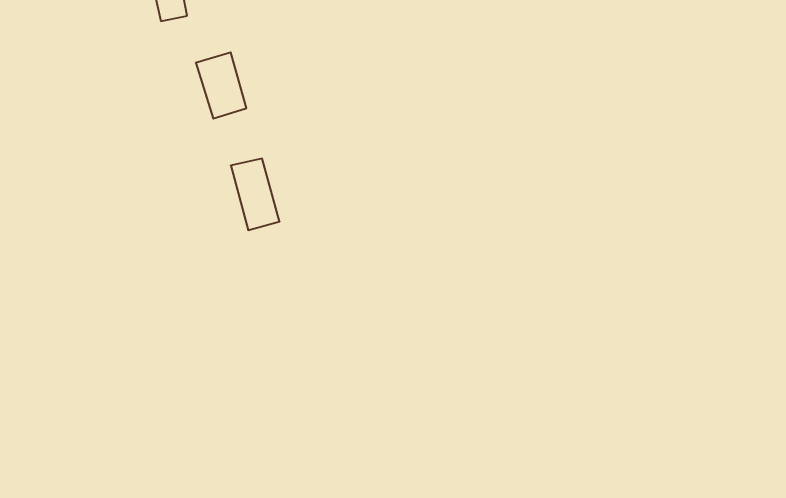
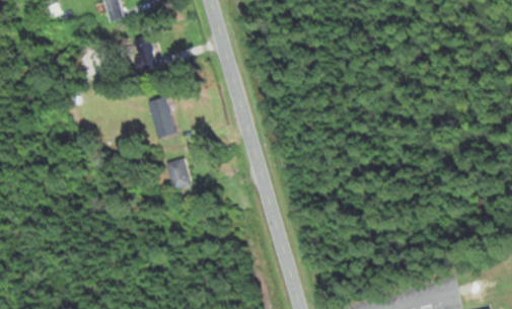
building: none -> [166,159,192,189]

